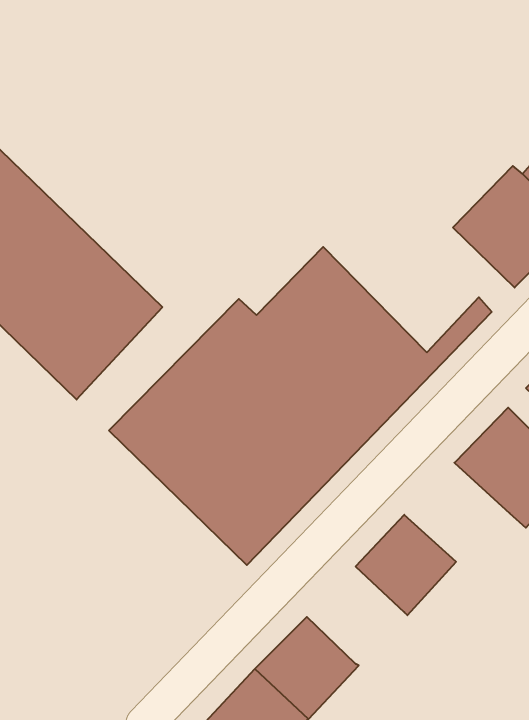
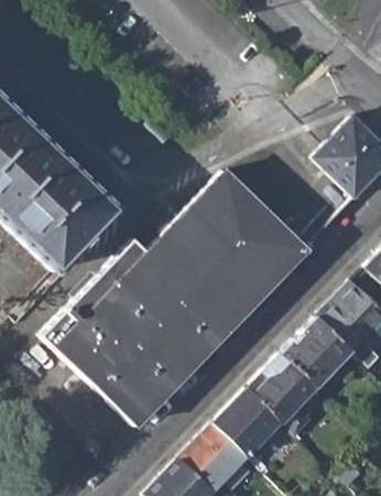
building: none -> [43,296,175,427]
building: none -> [282,319,353,389]
building: none -> [216,389,282,455]

